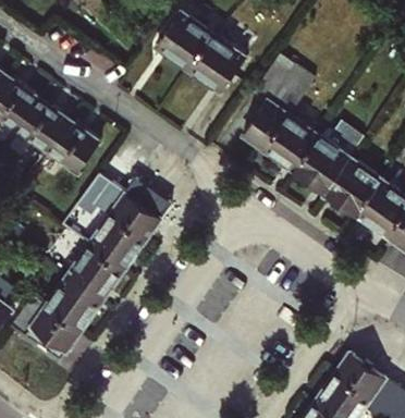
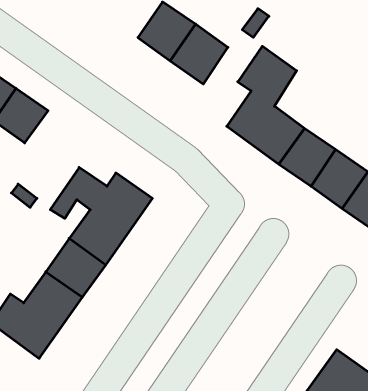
building: [45,119,98,173] -> none

